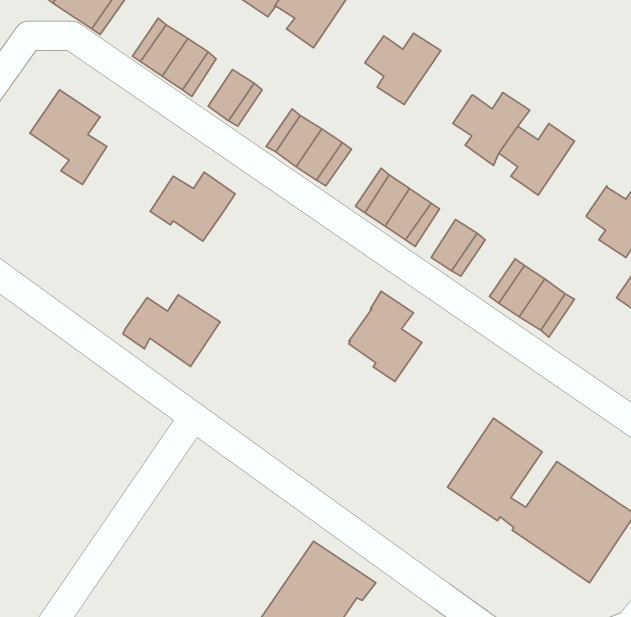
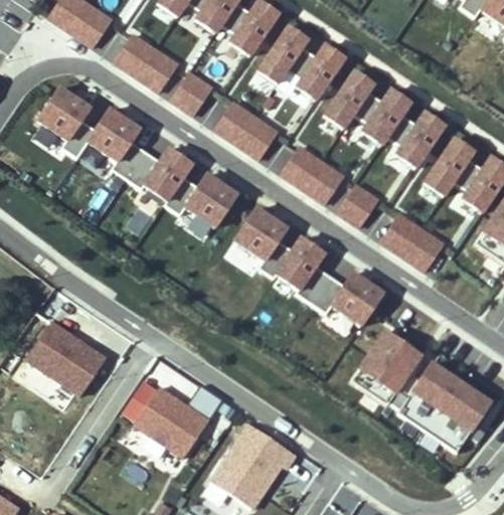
building: none -> [260,25,308,81]
building: none -> [326,70,374,126]
building: none -> [91,108,146,177]
building: none -> [426,137,474,193]
building: none -> [232,205,294,279]
building: [123,295,220,366] -> [166,174,238,227]
building: none -> [311,272,383,326]
building: none -> [25,320,107,395]
building: none -> [133,383,223,458]

